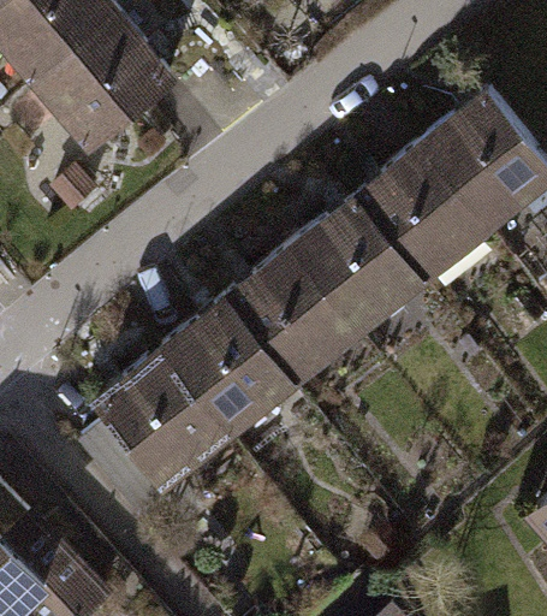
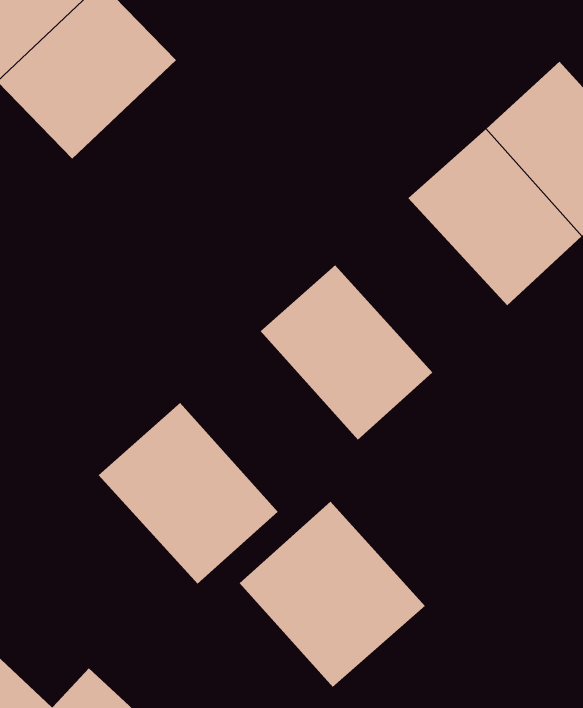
building: [291,192,428,334] -> none
building: [160,294,302,440] -> none
building: none -> [239,501,426,688]

